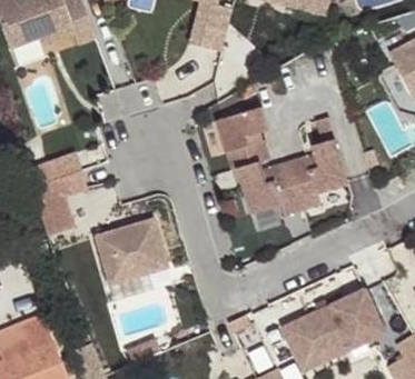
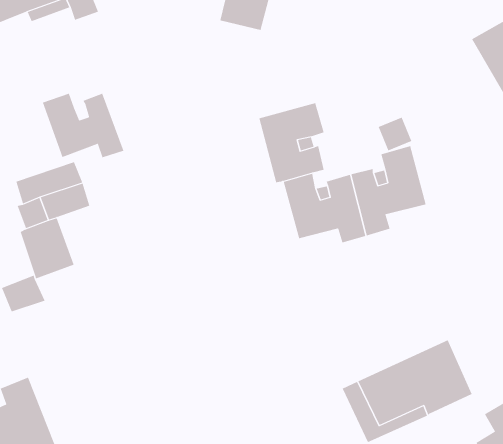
building: none -> [42,93,124,158]
building: [95,216,168,282] -> none

